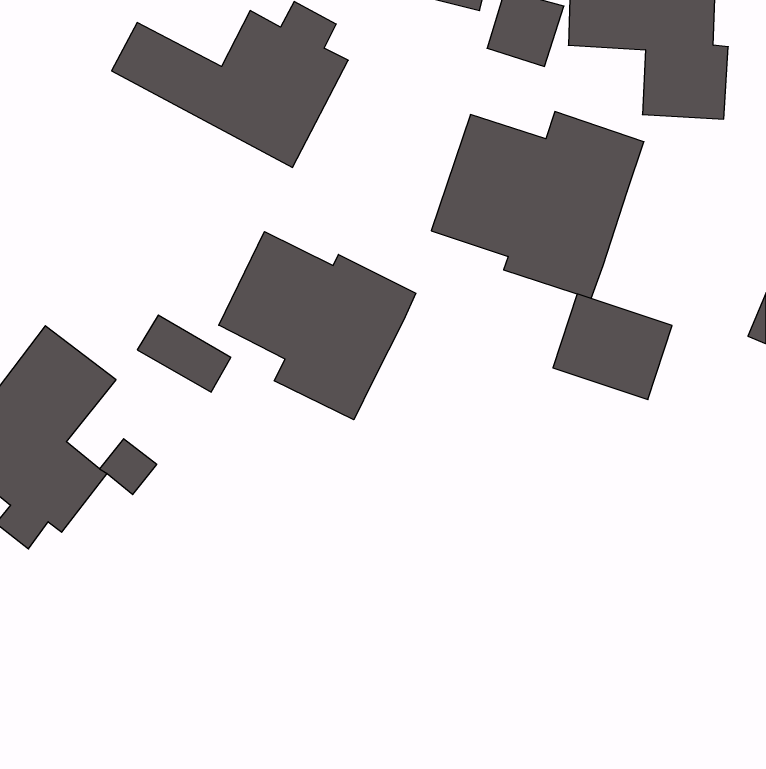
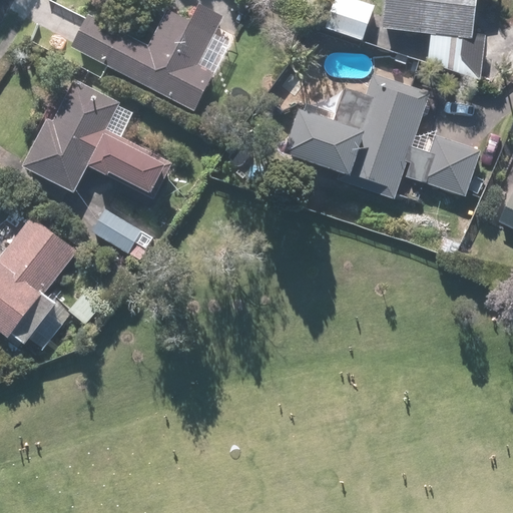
building: none -> [23,75,169,198]
building: [219,232,416,420] -> none
building: [553,294,672,400] -> [401,127,480,197]

